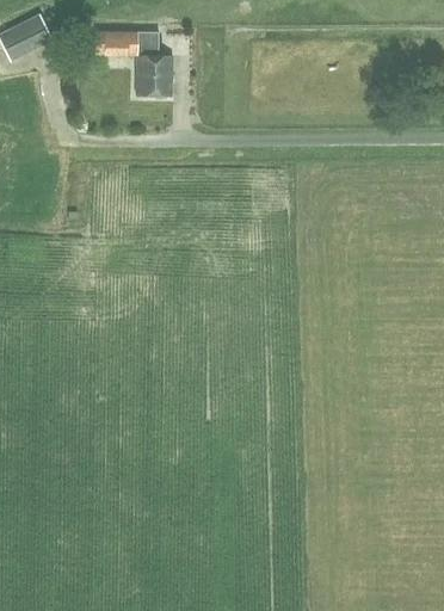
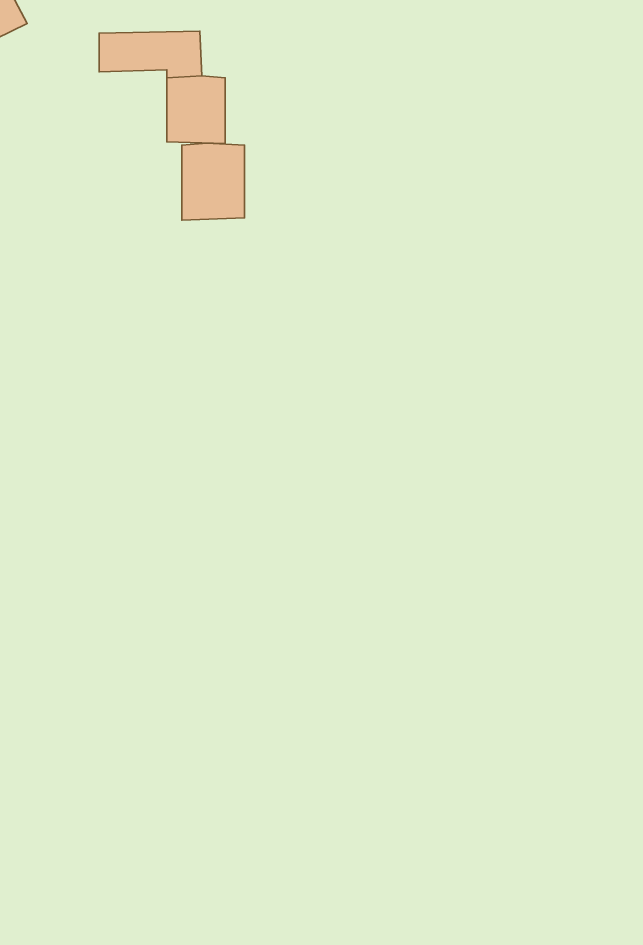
building: none -> [182,143,244,220]

